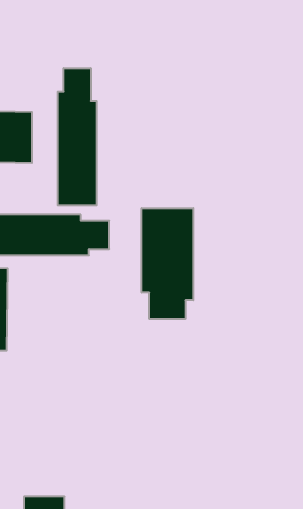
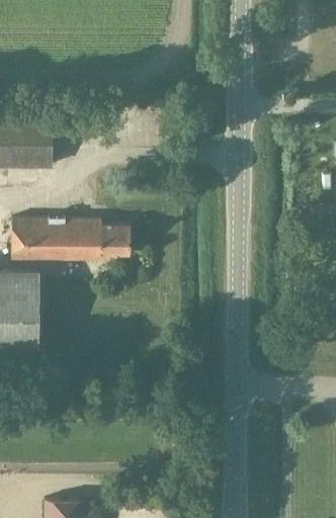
building: [58,68,97,205] -> none
building: [142,208,193,319] -> none

